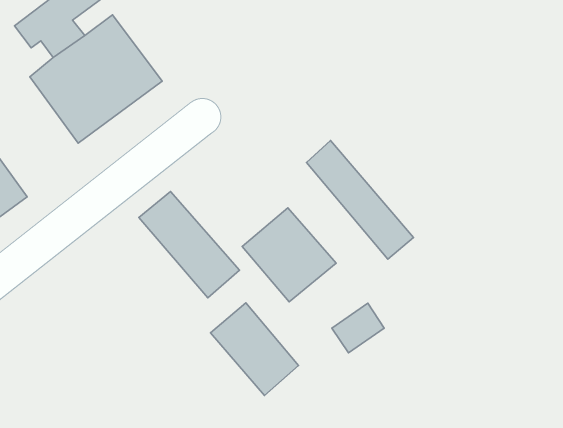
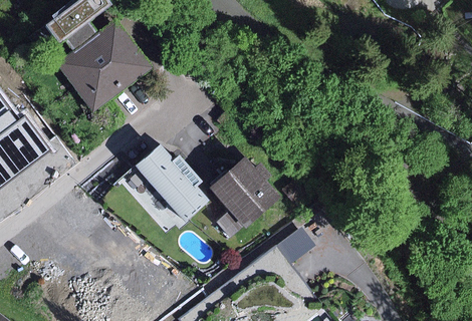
building: [306,140,413,259] -> none
building: [210,303,298,396] -> none

